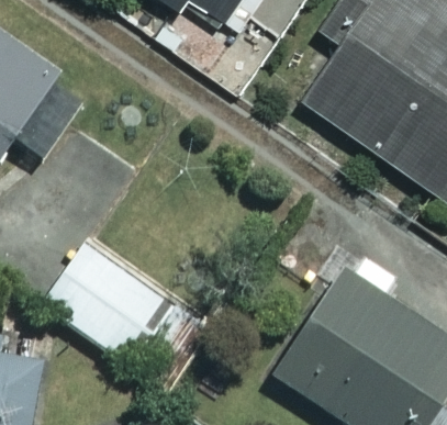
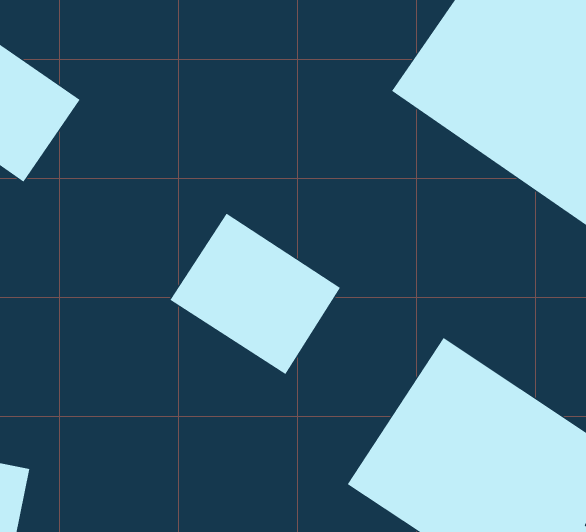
building: [43,242,166,358] -> [169,213,341,375]

